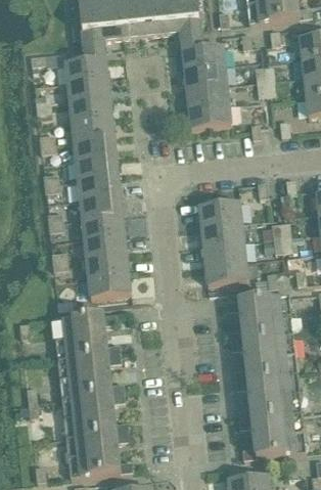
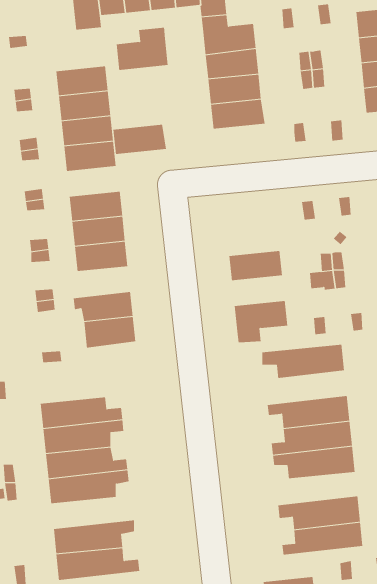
building: [65,48,106,82] -> [116,27,169,71]
building: [76,155,118,179] -> [113,124,167,154]
building: [199,201,241,225] -> none
building: [81,233,126,258] -> none
building: [203,240,245,264] -> none
building: [53,312,117,340] -> none
building: [230,314,293,341] -> none
building: [238,393,302,418] -> none
building: [63,412,129,437] -> none

